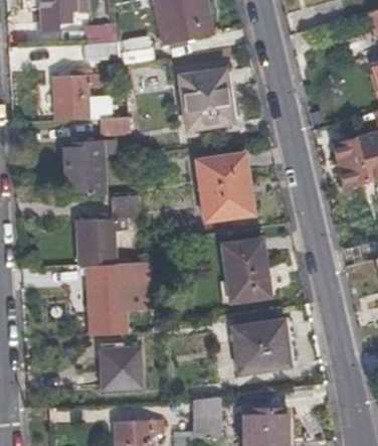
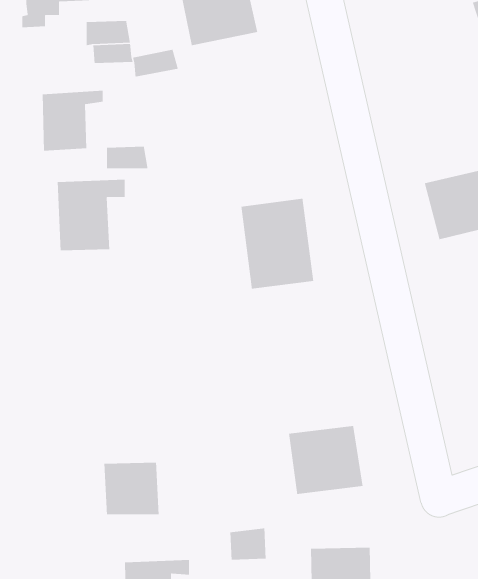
building: [183,71,235,131] -> none
building: [76,199,140,266] -> none
building: [222,242,269,304] -> none
building: [85,262,153,335] -> none

